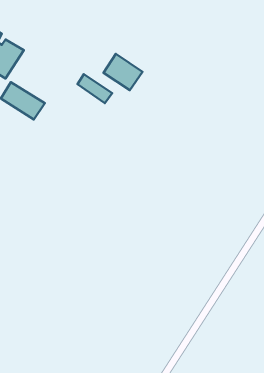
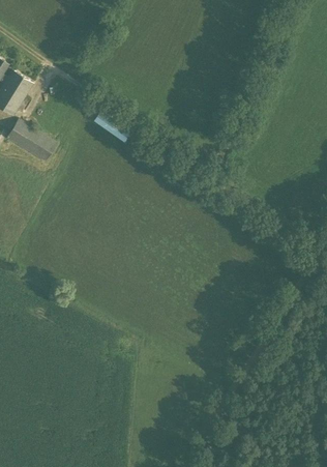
building: [104,54,142,90] -> none

